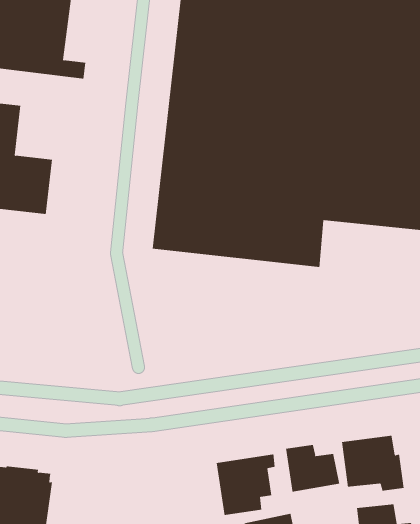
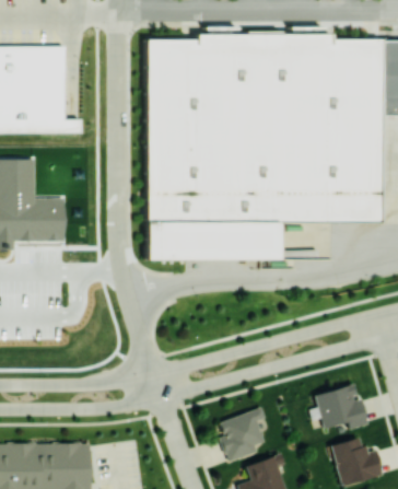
building: [285,444,340,492] -> none

